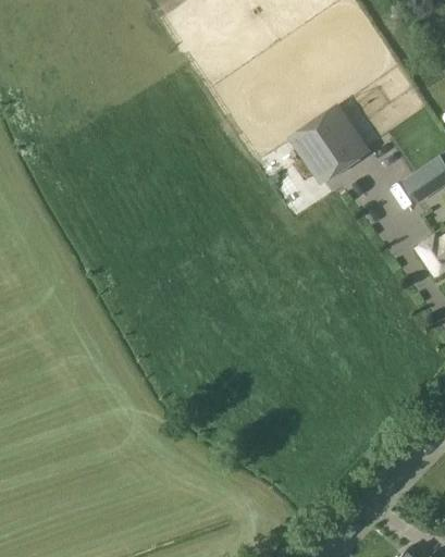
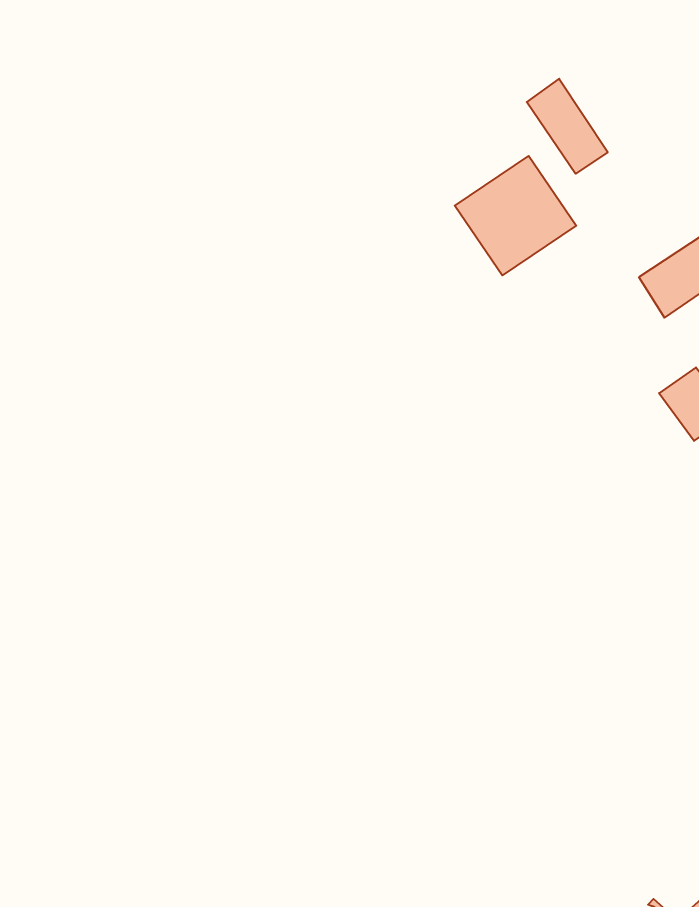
building: none -> [527,79,608,174]

